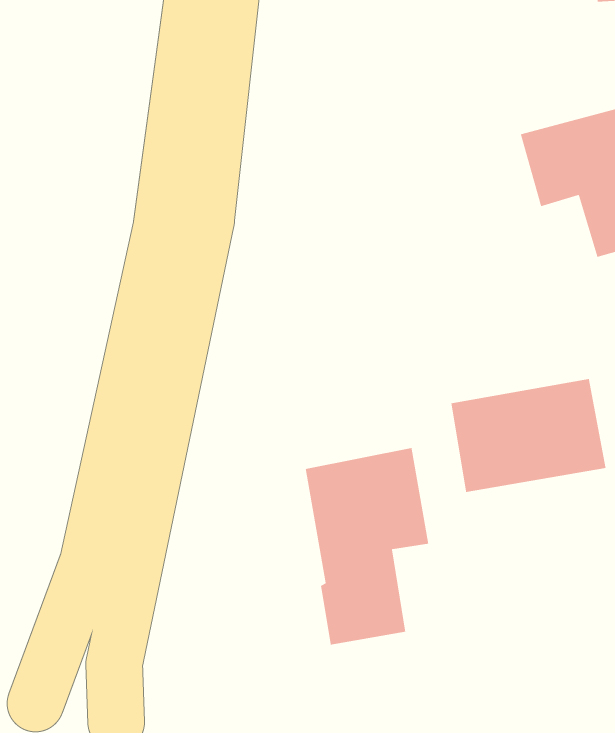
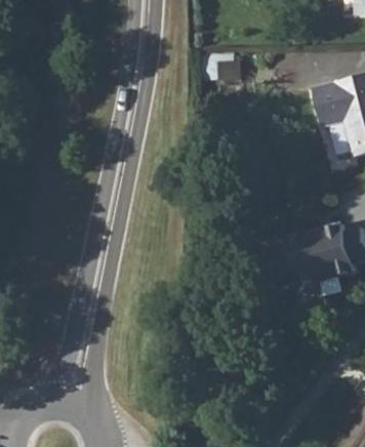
building: [305,447,429,645] -> none

